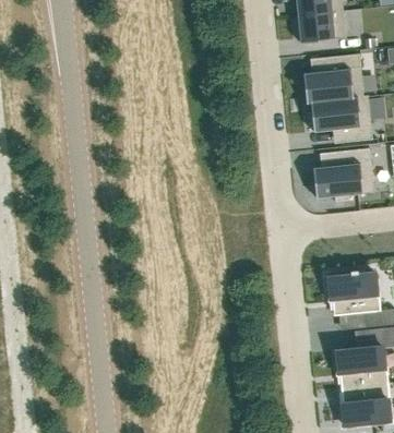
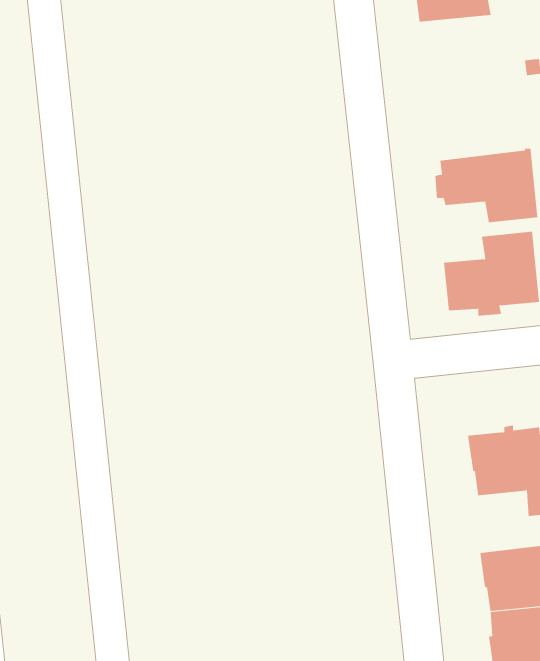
building: [298,11,346,43] -> none
building: [303,53,365,104] -> none

